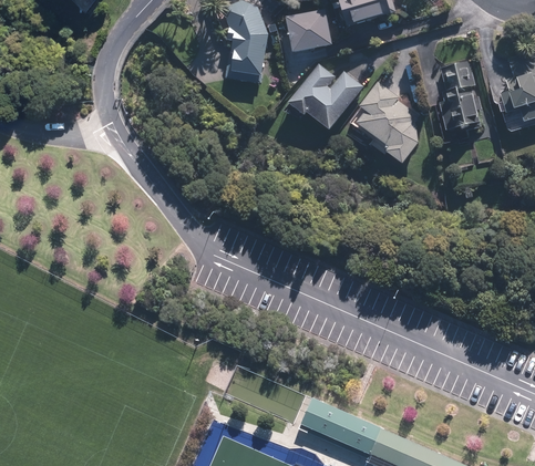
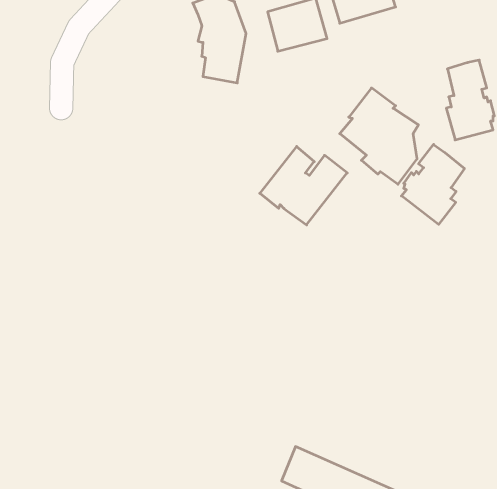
building: [285,65,361,134] -> [260,146,347,225]
building: none -> [401,144,464,224]

